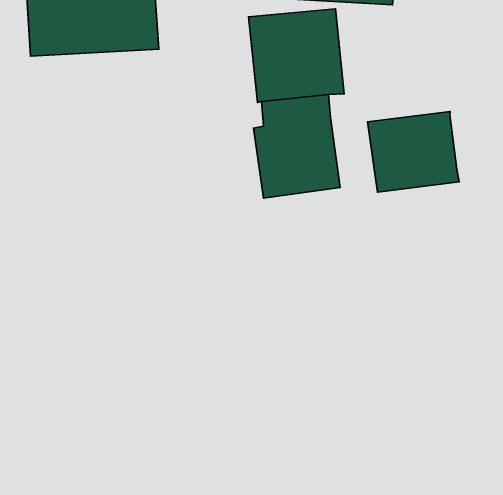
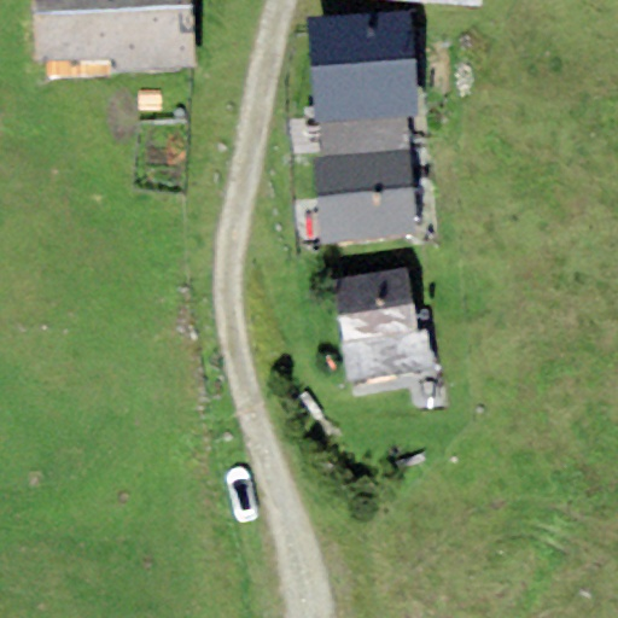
building: [368,112,459,192] -> none
building: none -> [334,266,420,378]

